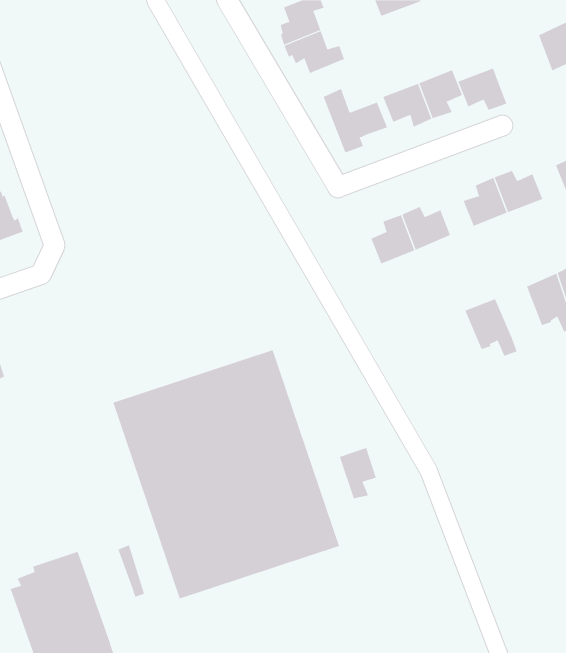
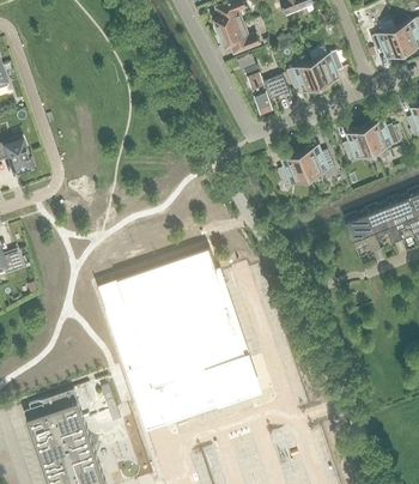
building: [458,68,507,111] -> [370,28,405,58]
building: none -> [365,204,401,244]
building: [339,447,376,499] -> none

